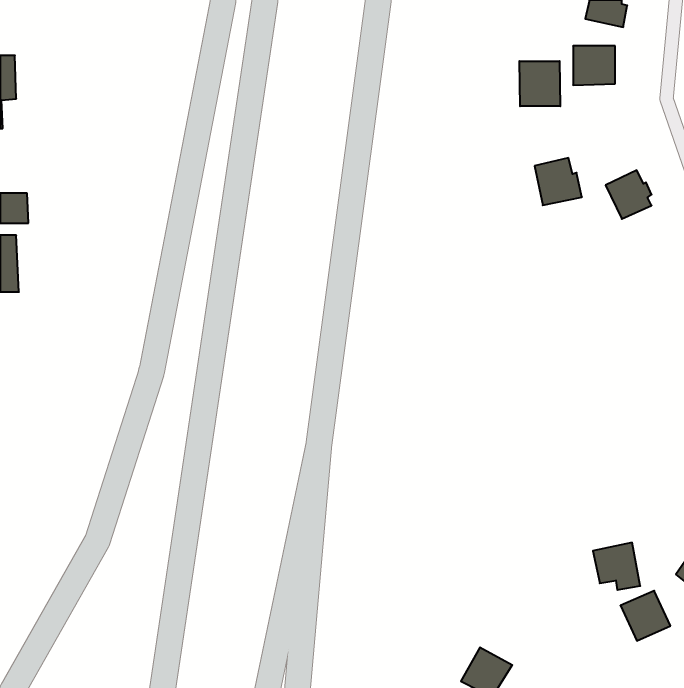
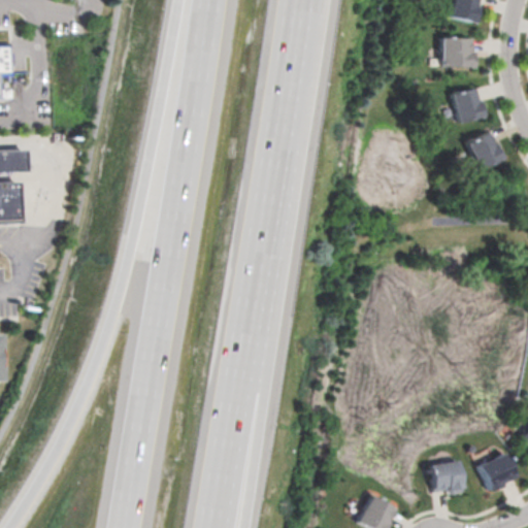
building: [519,61,560,106] -> none
building: [535,158,582,205] -> [452,88,488,124]
building: [593,543,640,590] -> [429,460,465,496]

